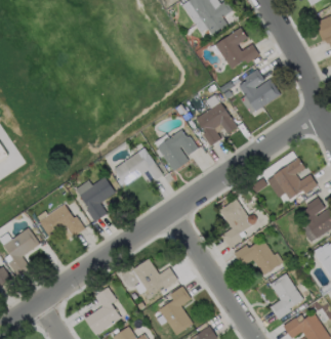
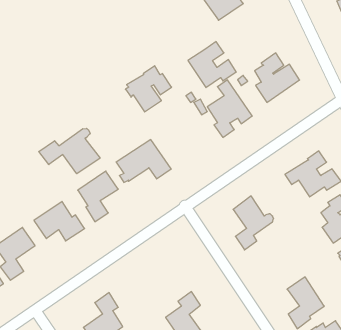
building: [216,27,260,69] -> [188,42,236,88]
building: [157,129,199,171] -> [125,66,172,112]
building: none -> [39,128,100,174]
building: [234,239,281,276] -> none
building: [132,258,178,296] -> none

